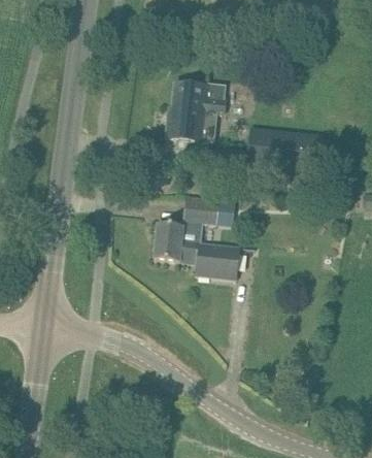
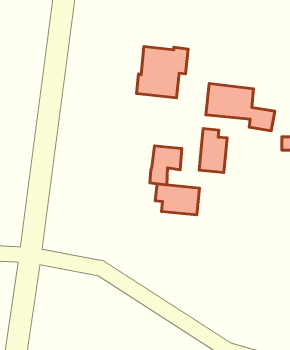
building: none -> [199,129,227,172]
building: [154,222,191,261] -> none

